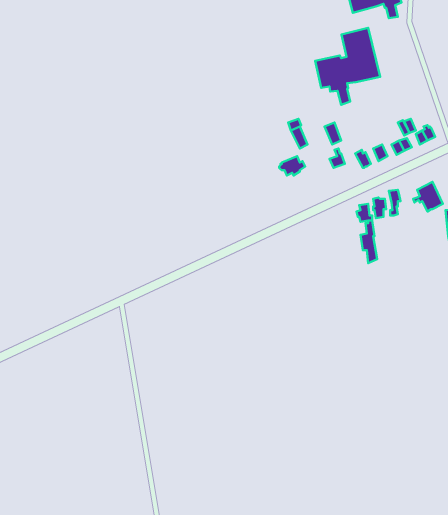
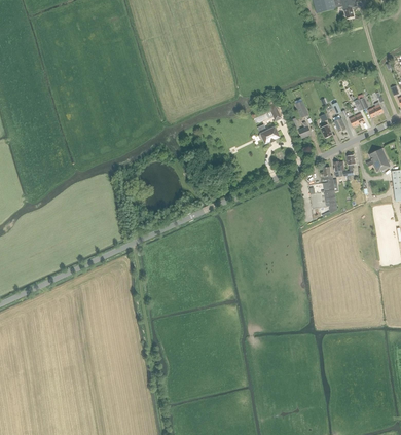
building: [315,28,380,105] -> none

